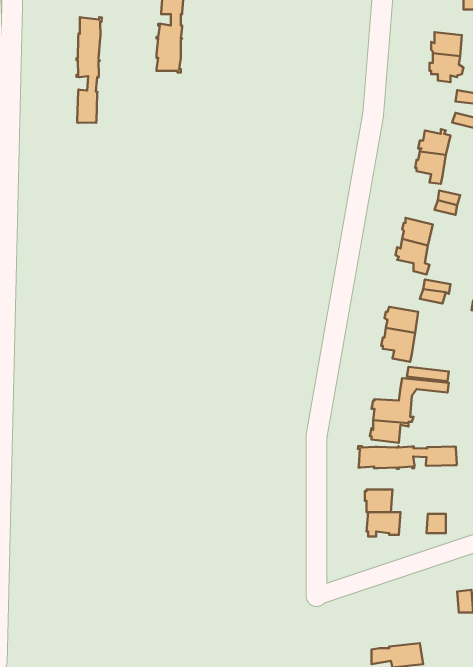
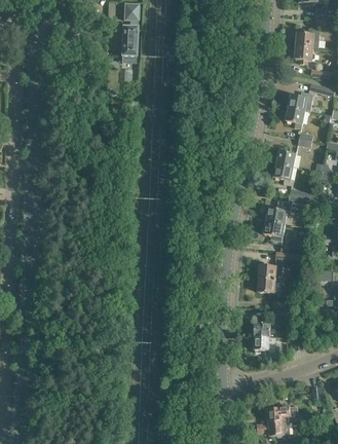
building: [76,17,102,123] -> none
building: [358,446,457,469] -> none
building: none -> [267,403,295,421]

